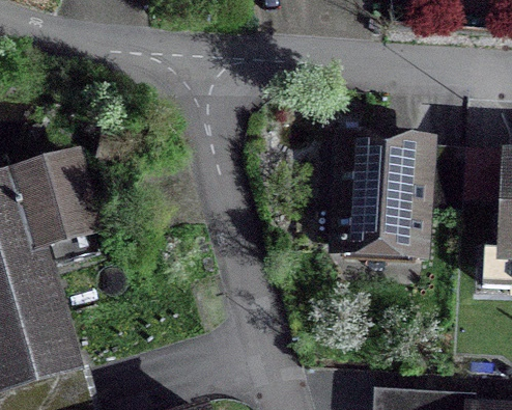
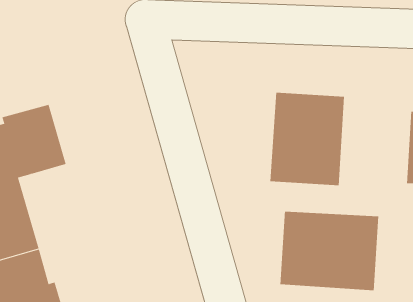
building: none -> [280,211,379,291]

